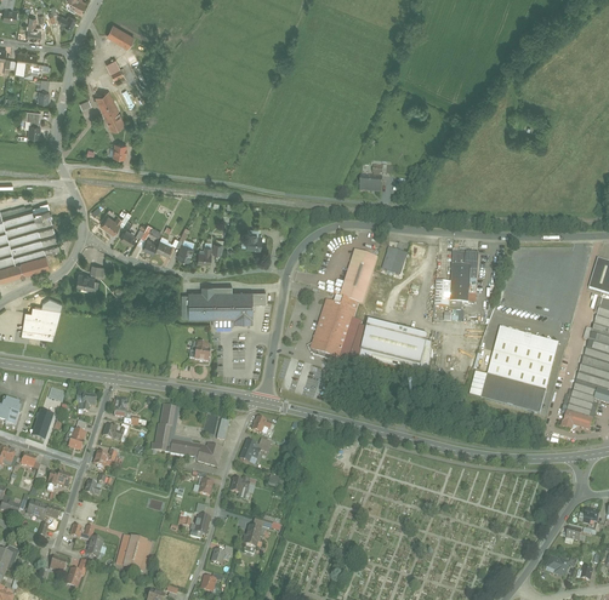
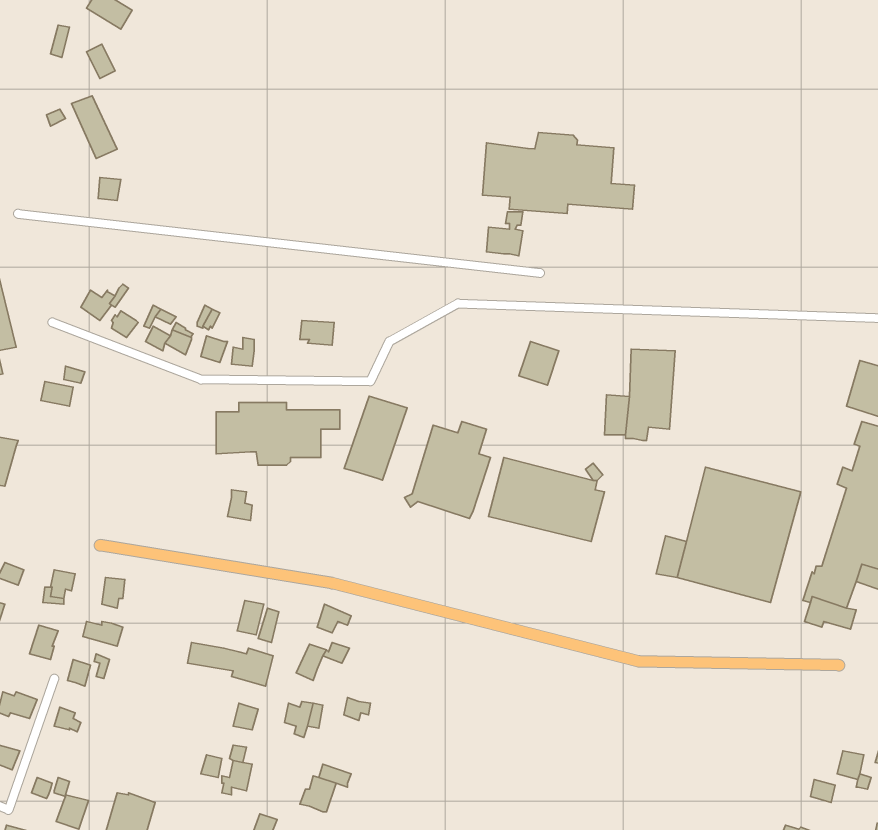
building: none -> [482,132,634,214]
building: [338,251,379,304] -> [344,396,407,480]
building: [149,404,192,452] -> none

